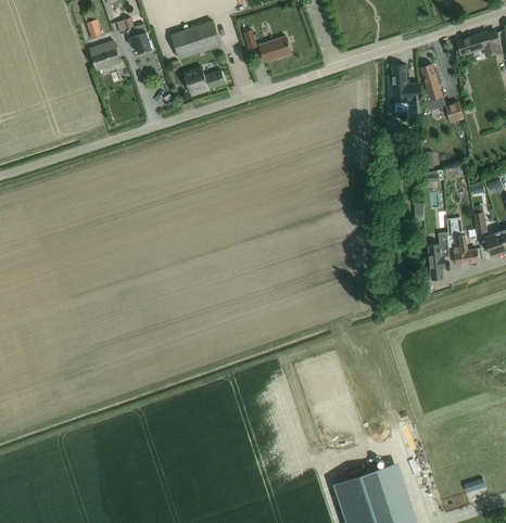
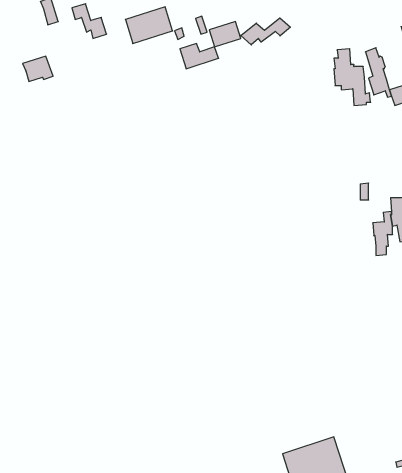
building: none -> [241,18,290,45]
building: [89,41,121,67] -> [23,56,53,81]
building: [185,67,225,93] -> [180,44,219,69]

